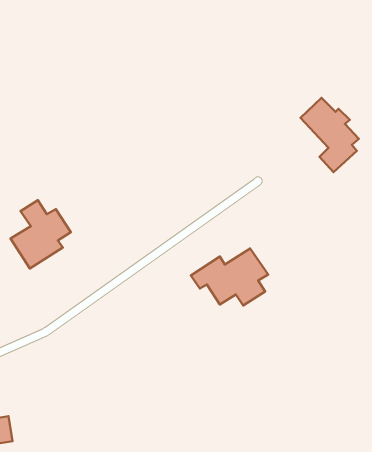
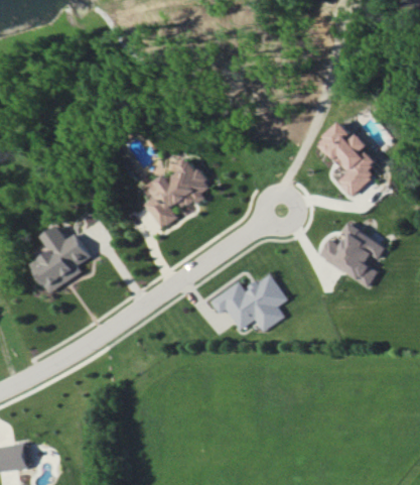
building: none -> [144,156,208,229]
building: none -> [319,223,386,287]

